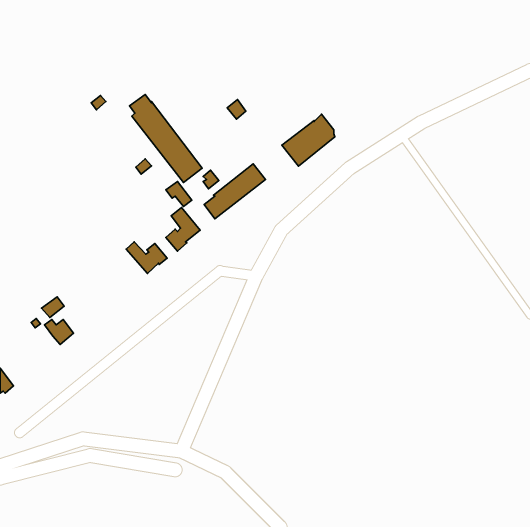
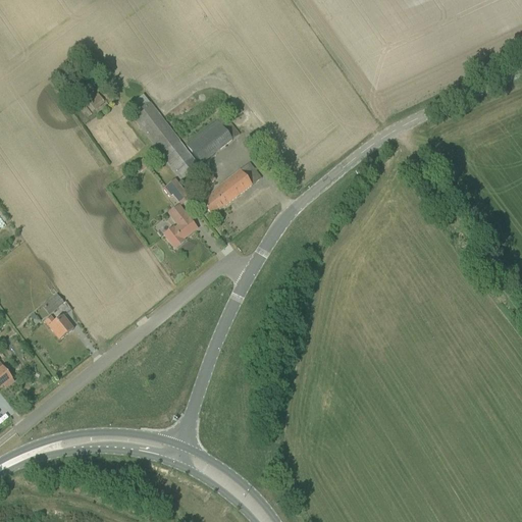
building: [282,114,335,166] -> [185,112,237,163]
building: [126,242,167,273] -> none

